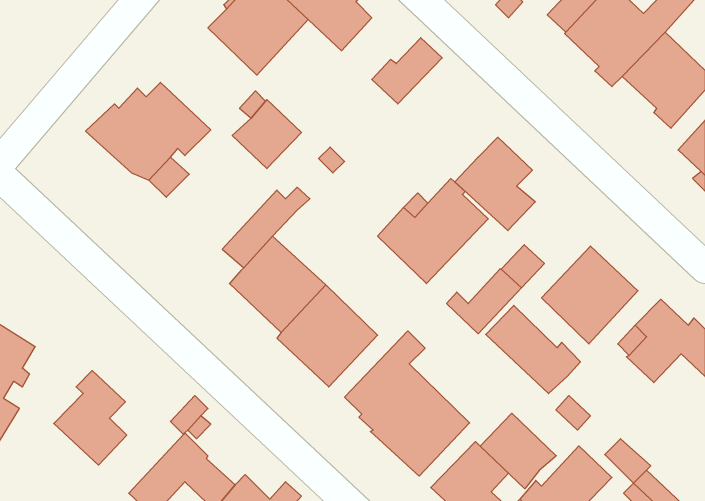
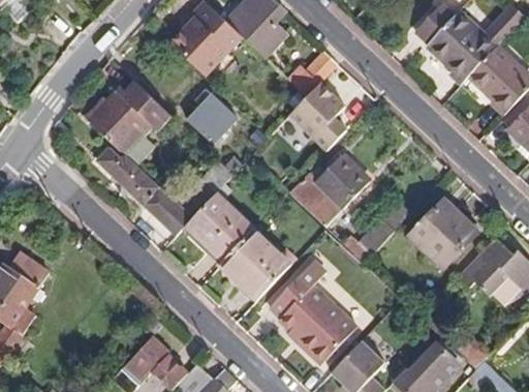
building: [455,137,535,231] -> [289,82,347,149]
building: none -> [95,146,193,235]
building: [486,305,580,394] -> none
building: [54,371,127,465] -> none
building: [480,413,556,489] -> none

